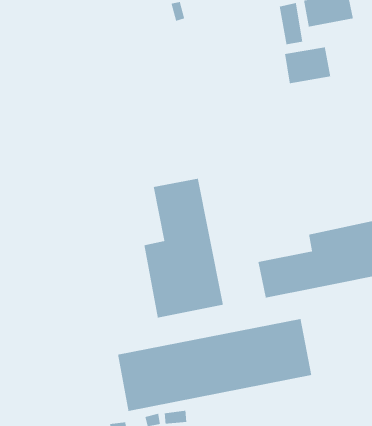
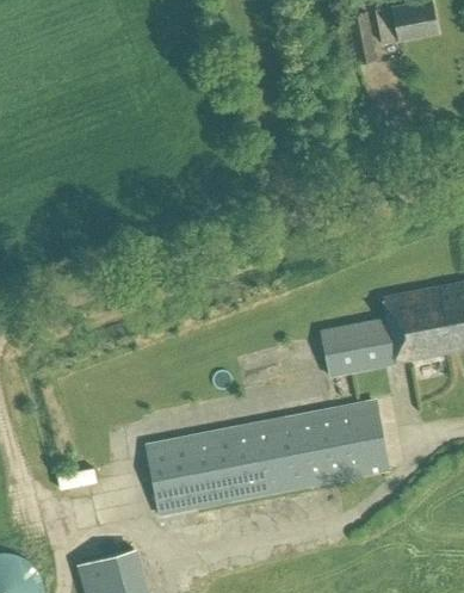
building: [284,47,331,84] -> none
building: [143,178,224,319] -> none

